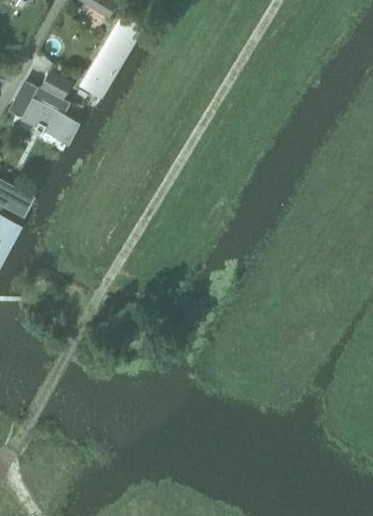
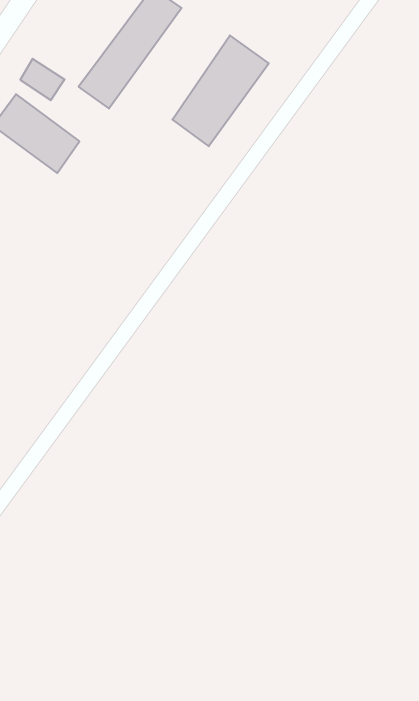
building: none -> [172,35,269,146]

